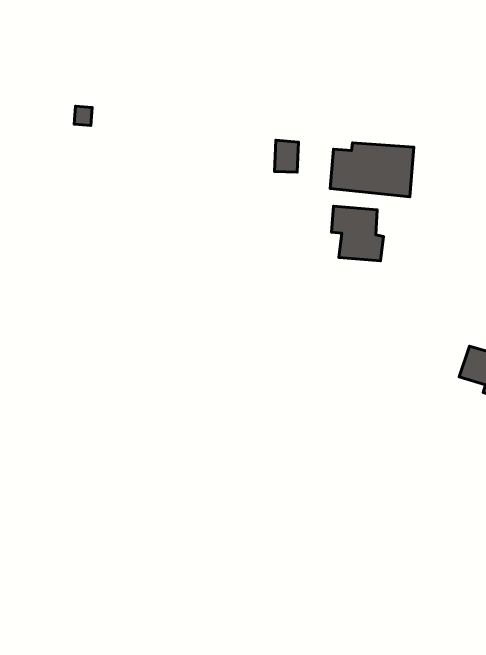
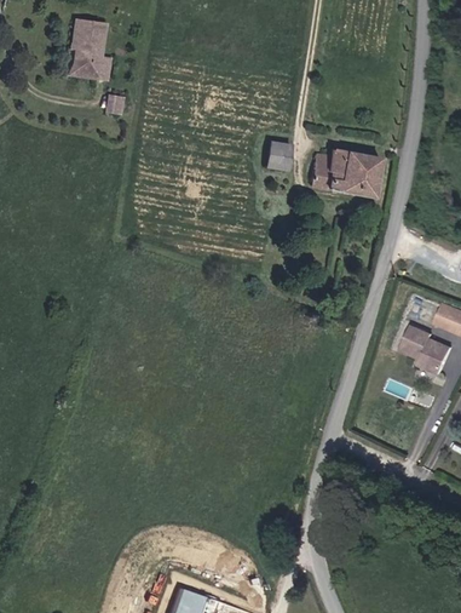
building: none -> [68,19,109,81]
building: [331,206,383,261] -> none

